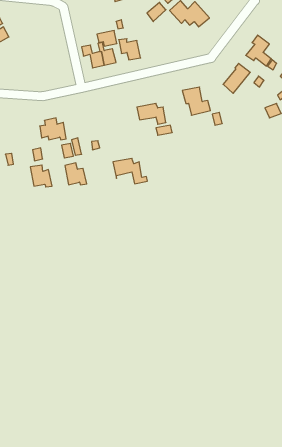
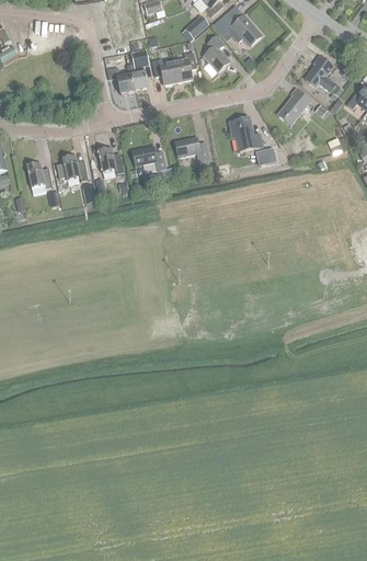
building: none -> [203,34,229,71]
building: none -> [173,51,196,81]
building: [113,158,147,184] -> [130,145,172,175]
building: [65,163,87,185] -> [98,146,124,172]
building: [30,165,52,187] -> [26,161,53,187]

